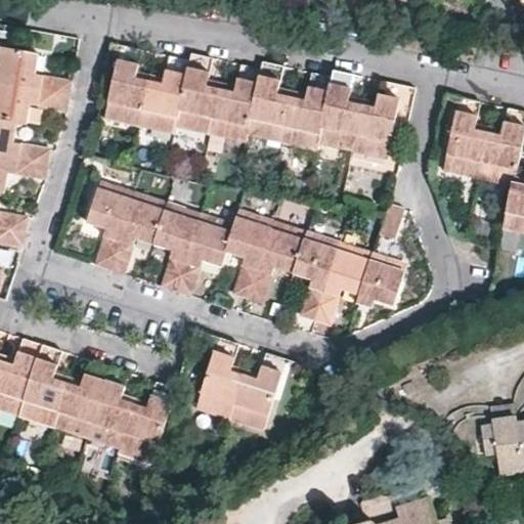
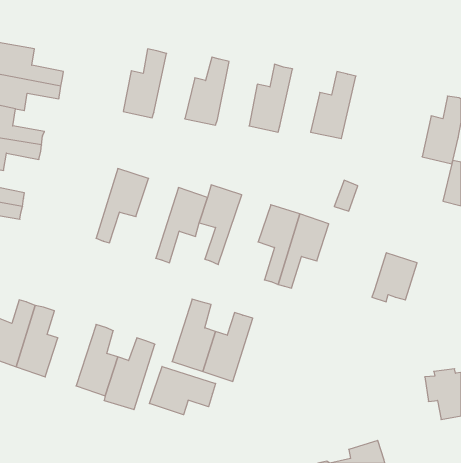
building: [103,45,148,126] -> none
building: [174,53,220,134] -> none
building: [246,61,291,142] -> none
building: [316,70,361,149] -> none
building: [442,97,487,177] -> none
building: [86,179,133,269] -> none
building: [154,202,202,292] -> none
building: [247,220,306,304] -> none
building: [355,253,406,308] -> [372,253,417,302]
building: [51,360,108,436] -> none
building: none -> [149,366,216,415]

